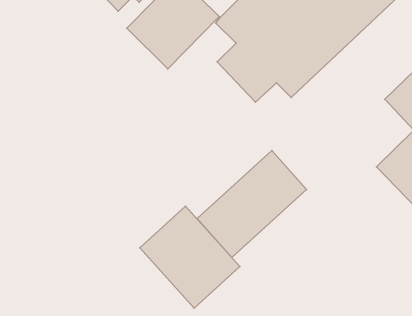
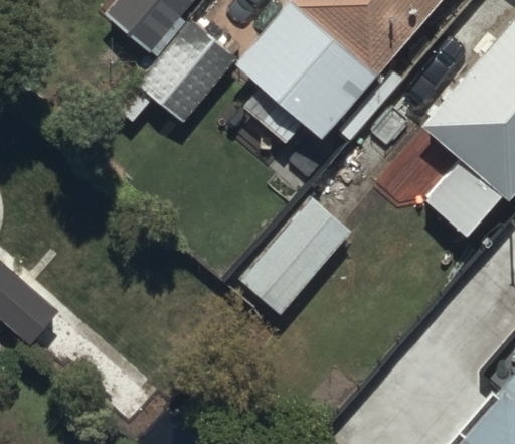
building: [140,206,240,308] -> none

